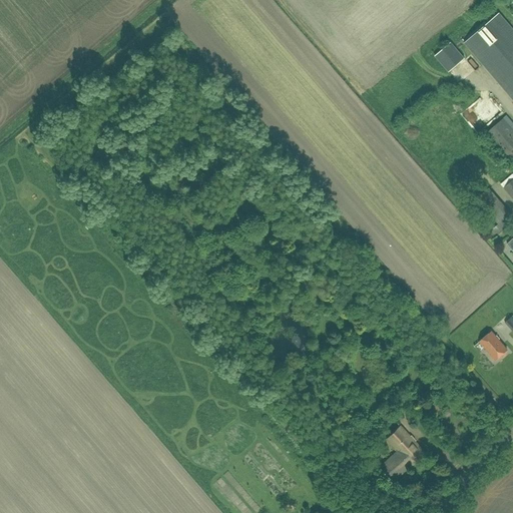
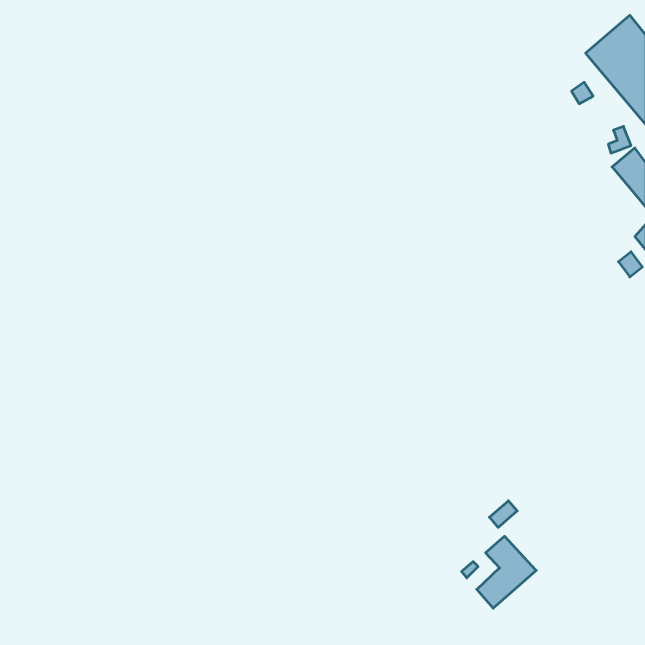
building: [436,42,465,71] -> none
building: [481,331,508,359] -> none

